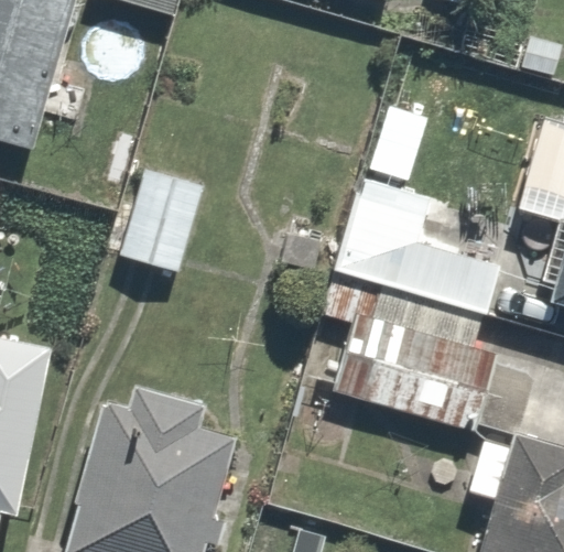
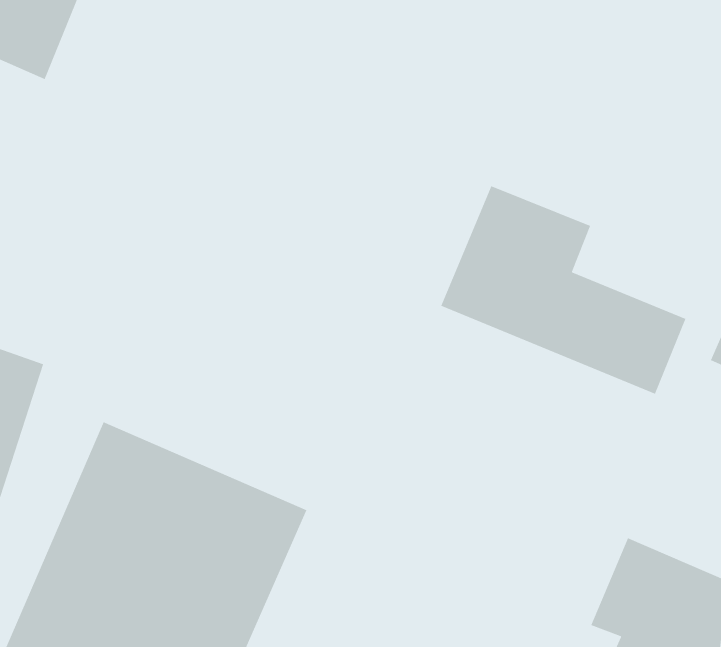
building: [113,160,212,273] -> none
building: [323,273,494,425] -> none

